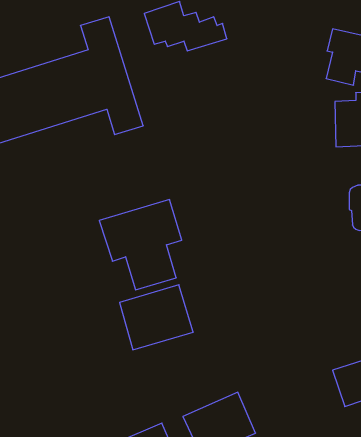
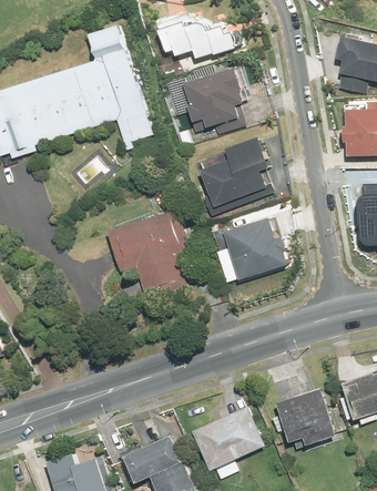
building: none -> [185,67,248,132]
building: none -> [198,139,271,215]
building: [120,285,193,350] -> [214,217,288,283]
building: none -> [277,386,336,443]

